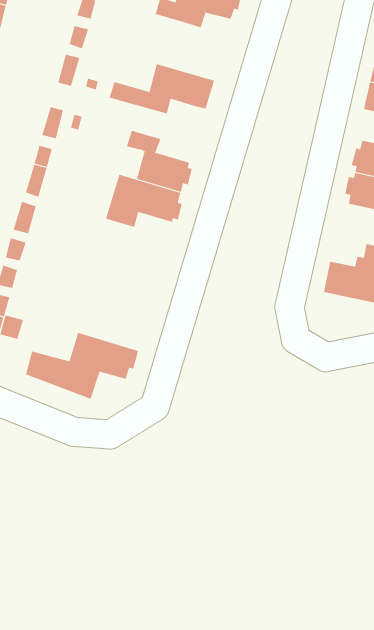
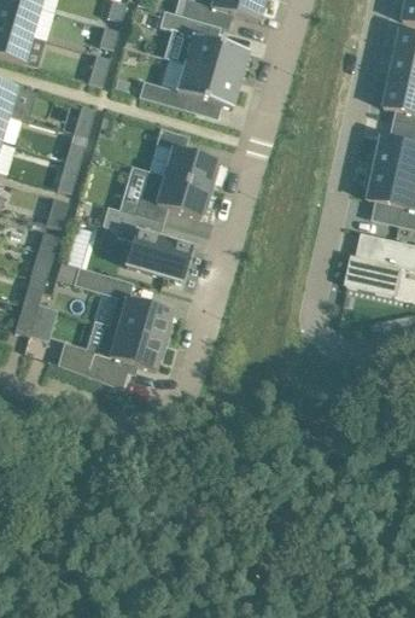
building: none -> [158,10,249,80]
building: none -> [101,205,191,281]
building: none -> [72,267,173,342]

